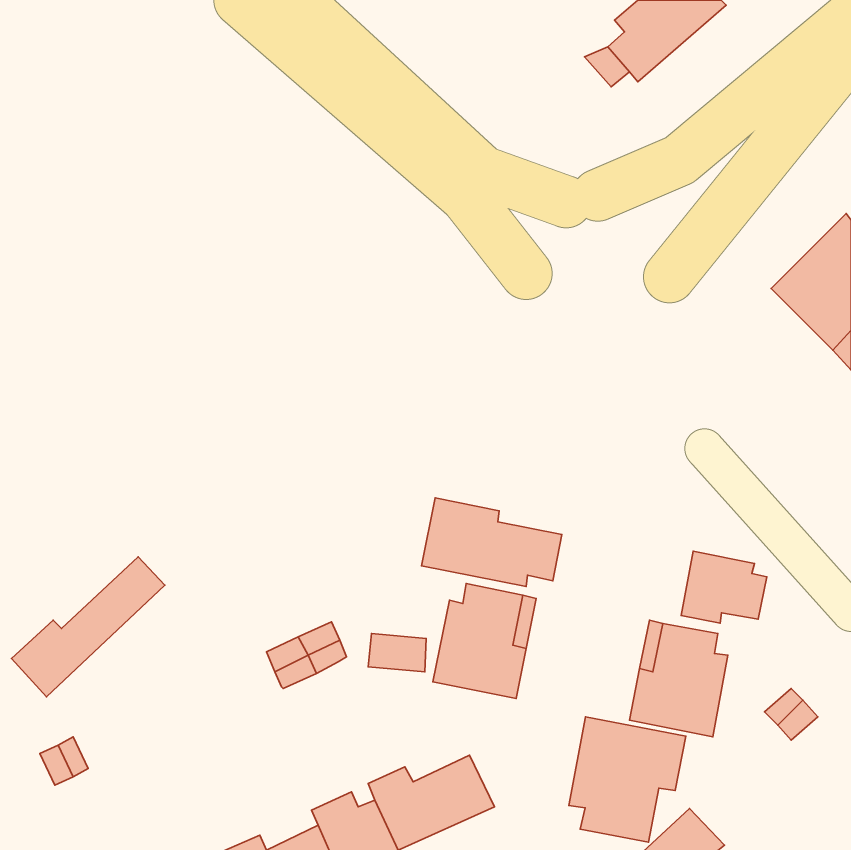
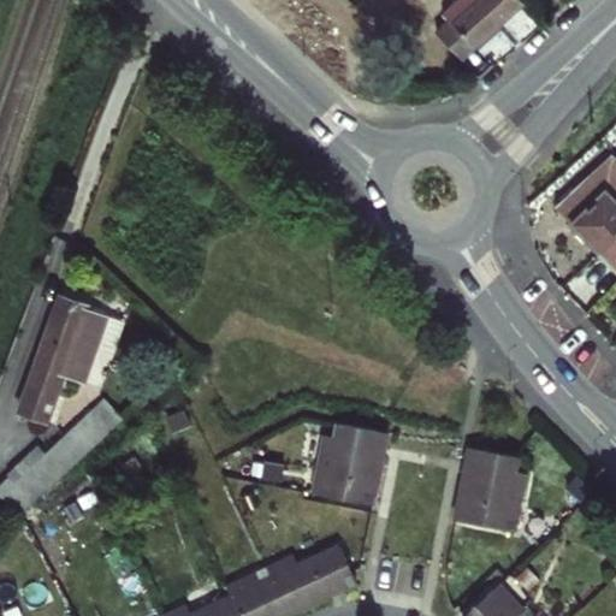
building: none -> [18,298,108,421]
building: [422,498,562,586] -> none
building: [681,551,767,623] -> none
building: [569,717,686,842] -> none

